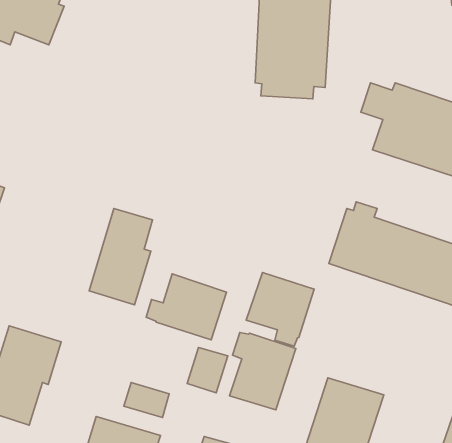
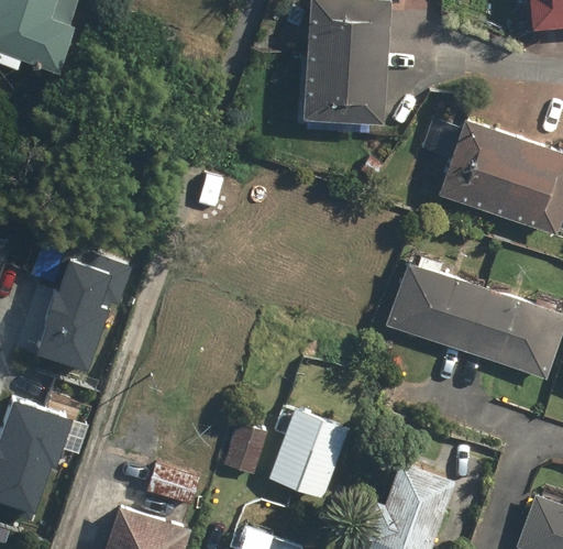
building: [89,208,153,305] -> [36,259,110,371]
building: [246,272,314,346] -> none
building: [146,274,227,340] -> none

